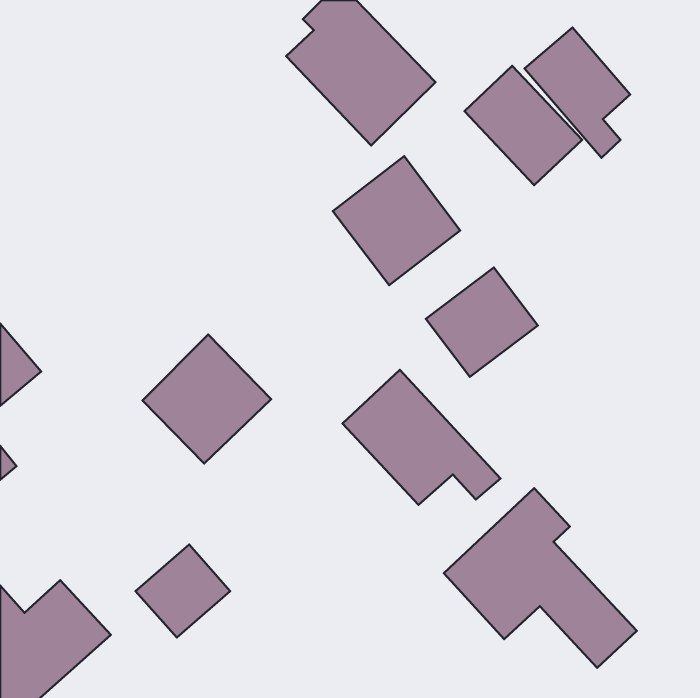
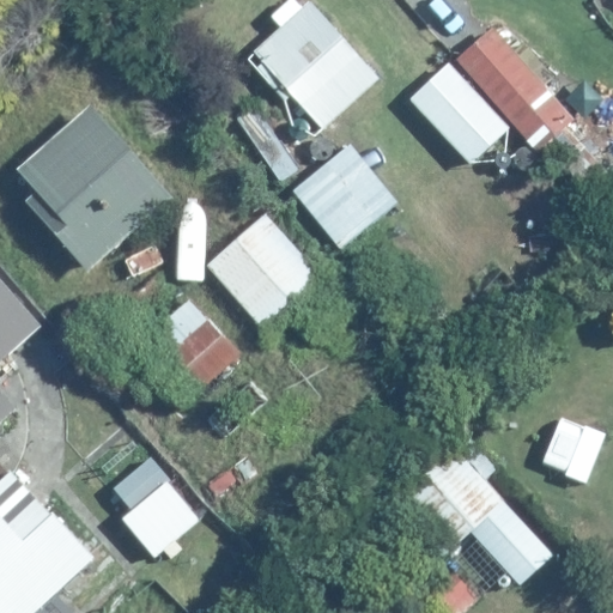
building: none -> [12,102,174,275]
building: none -> [205,224,306,328]
building: [426,268,538,377] -> none
building: [343,370,501,505] -> none

